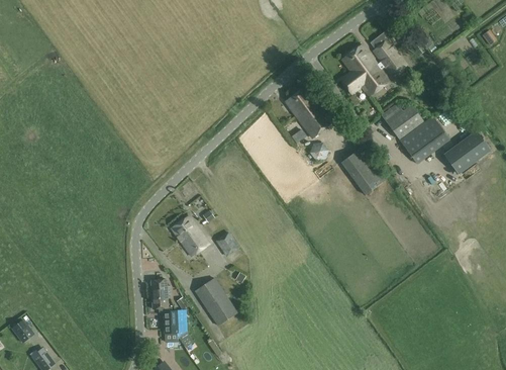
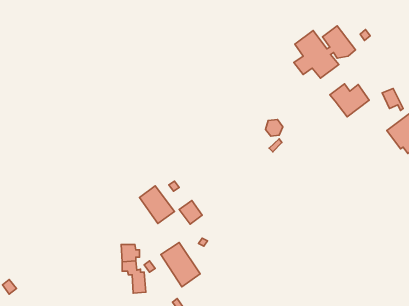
building: [285,86,332,137] -> none
building: [399,115,449,164] -> none
building: [340,147,386,194] -> none

